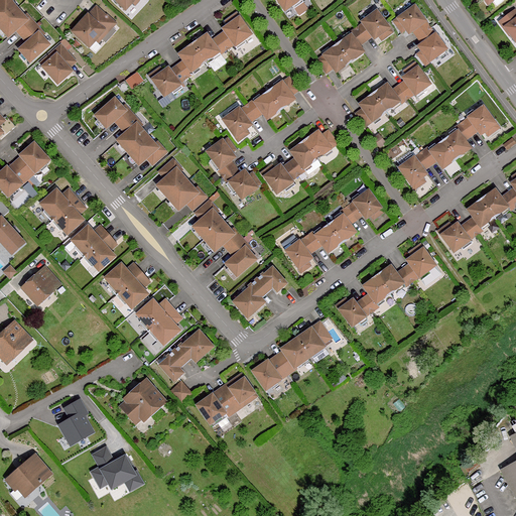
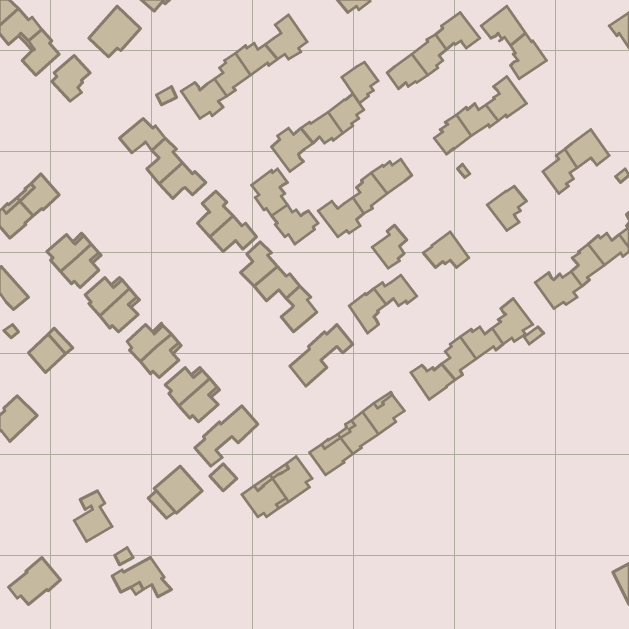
building: none -> [342,62,378,103]
building: [420,140,457,166] -> none
building: [328,207,356,242] -> [372,225,407,268]

